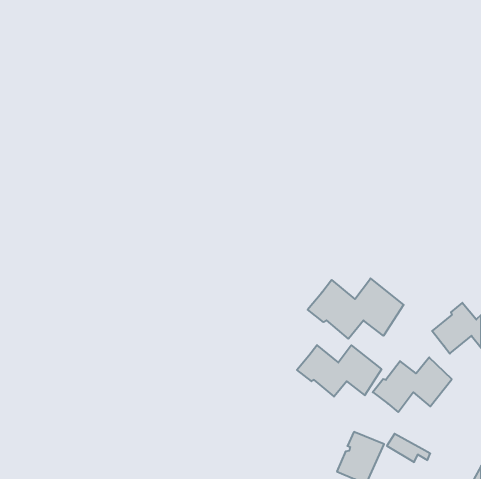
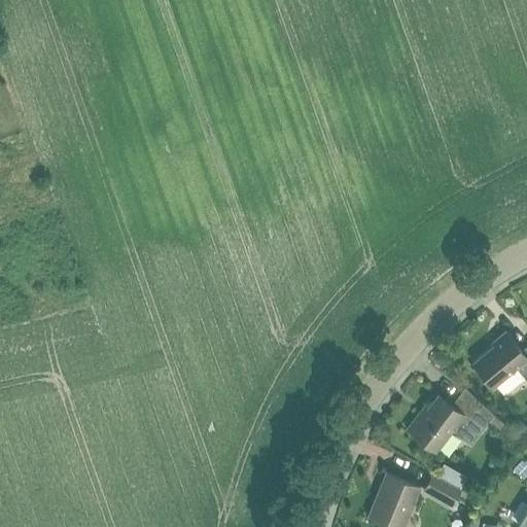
building: [308,278,404,339] -> none
building: [297,345,381,397] -> none

